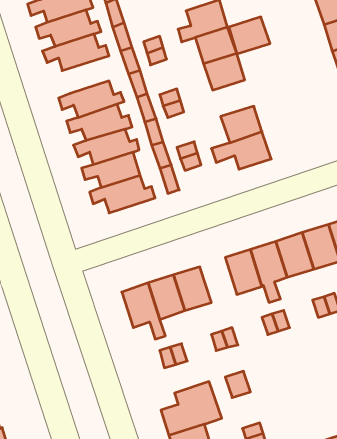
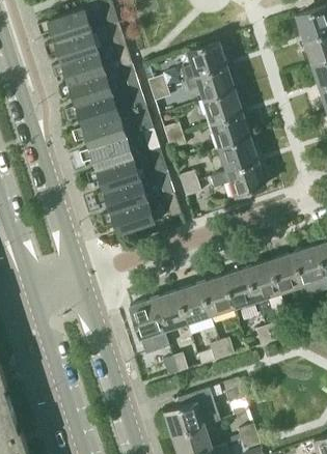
building: [229,17,270,54] -> [212,115,249,148]
building: none -> [65,95,125,127]
building: none -> [200,276,234,316]

